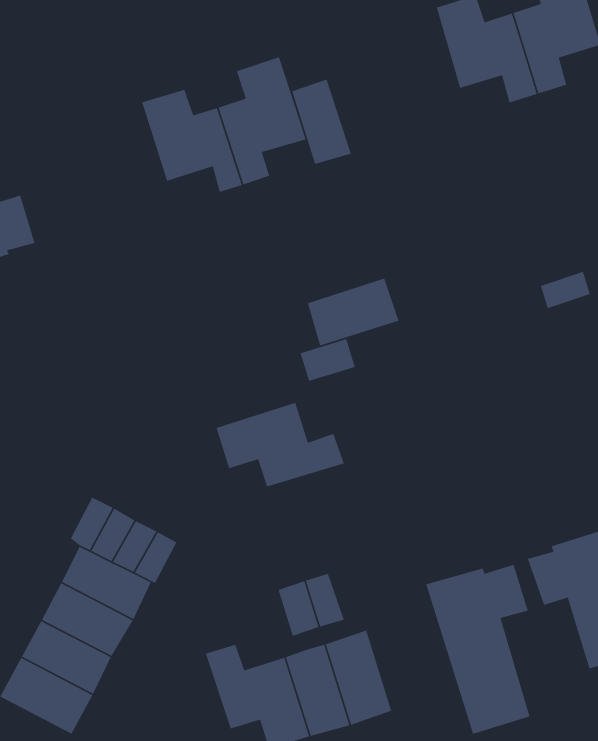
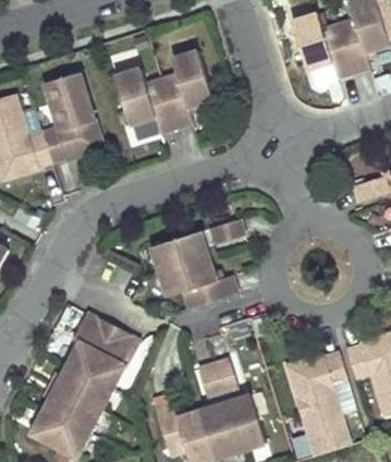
building: [291,78,352,165] -> none
building: none -> [44,73,102,161]
building: [307,277,400,347] -> [152,230,208,271]

